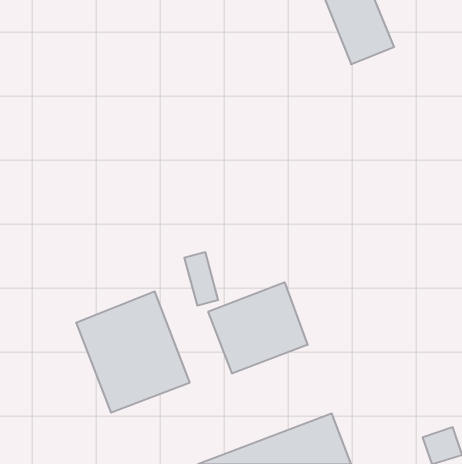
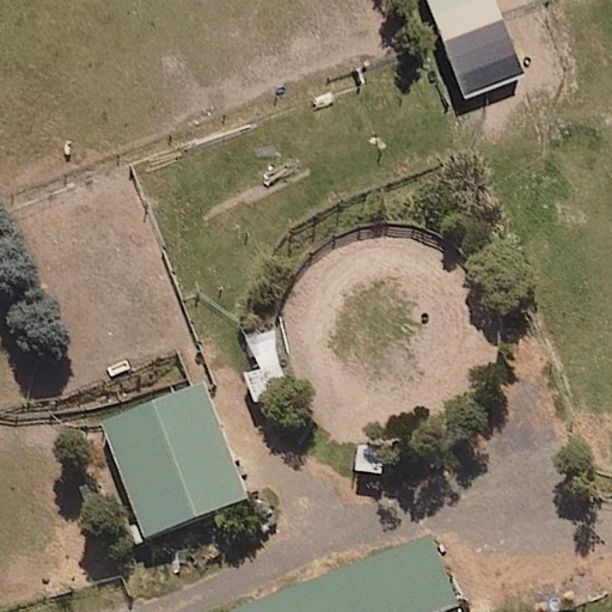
building: [208,282,308,374] -> none

